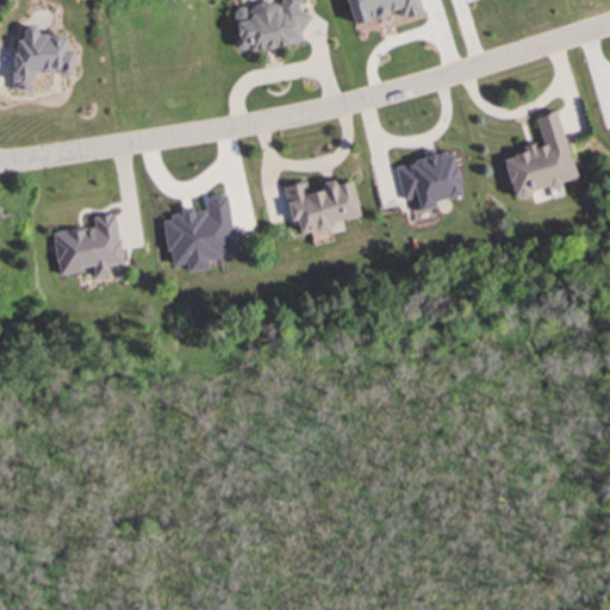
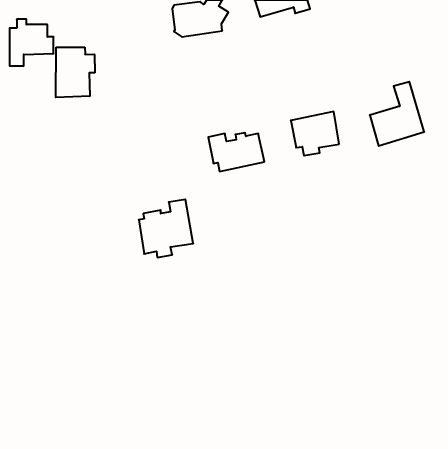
building: none -> [56,47,95,97]
building: [163,193,237,272] -> [139,199,193,257]
building: [52,213,123,278] -> none

